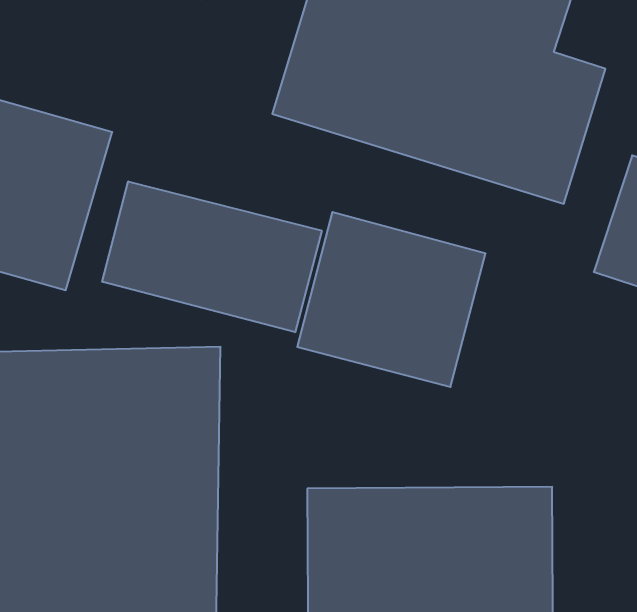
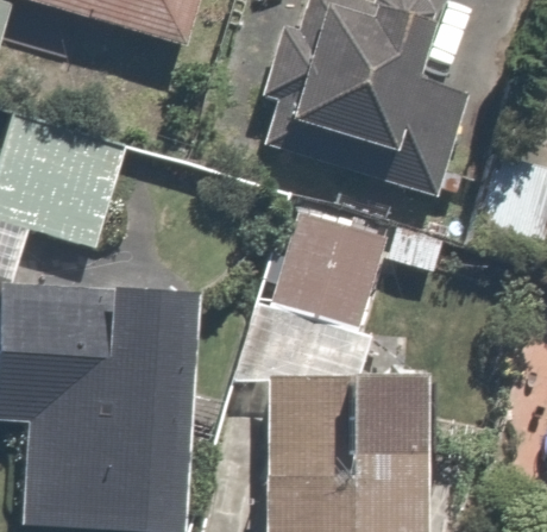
building: [102,181,322,332] -> none

